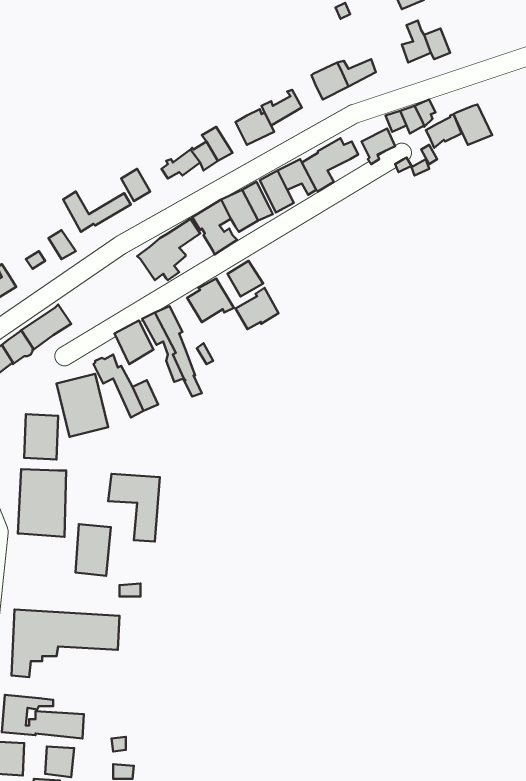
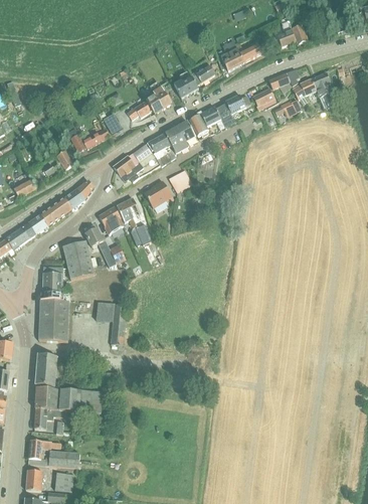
building: none -> [63,180,93,209]
building: [235,288,279,329] -> none
building: [76,524,111,576] -> [35,354,57,386]

